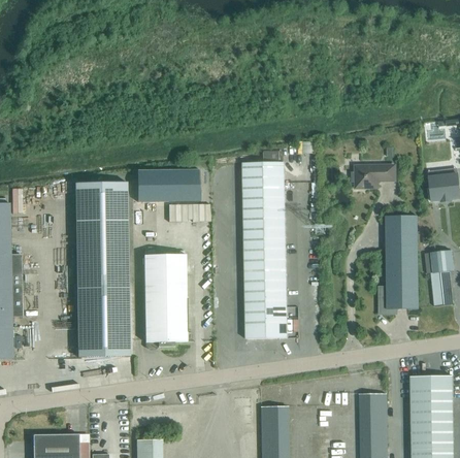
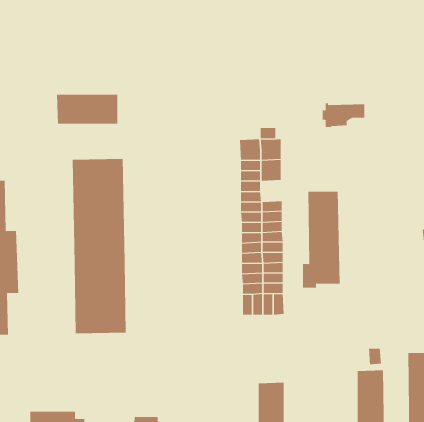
building: [352,164,395,189] -> [322,103,365,128]
building: [137,170,199,200] -> [56,94,118,124]
building: [264,203,286,225] -> none
building: [381,216,419,313] -> [302,191,340,288]
building: [144,254,187,347] -> none

